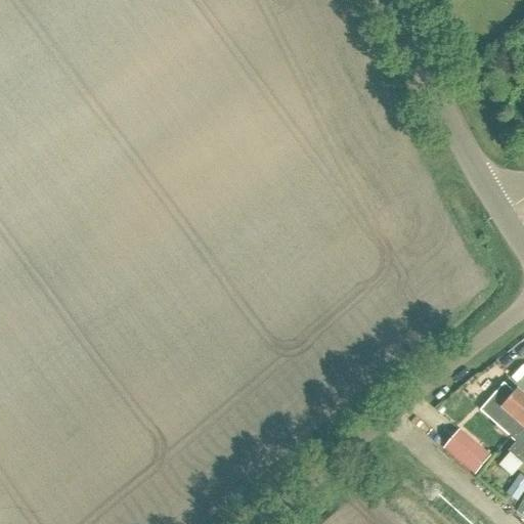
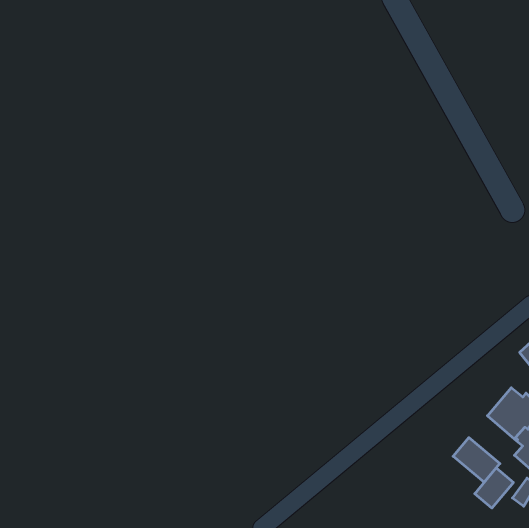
building: none -> [475,468,513,508]

